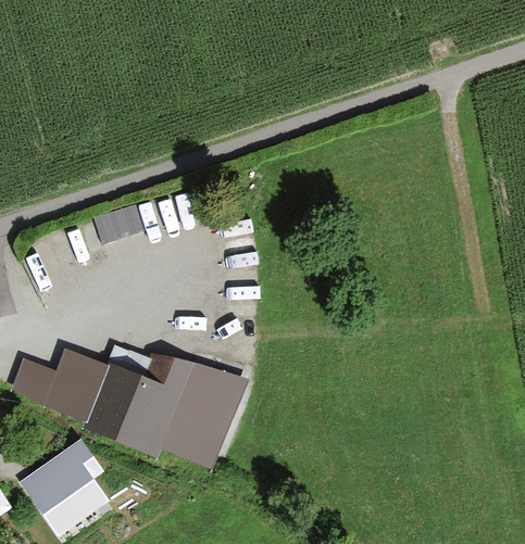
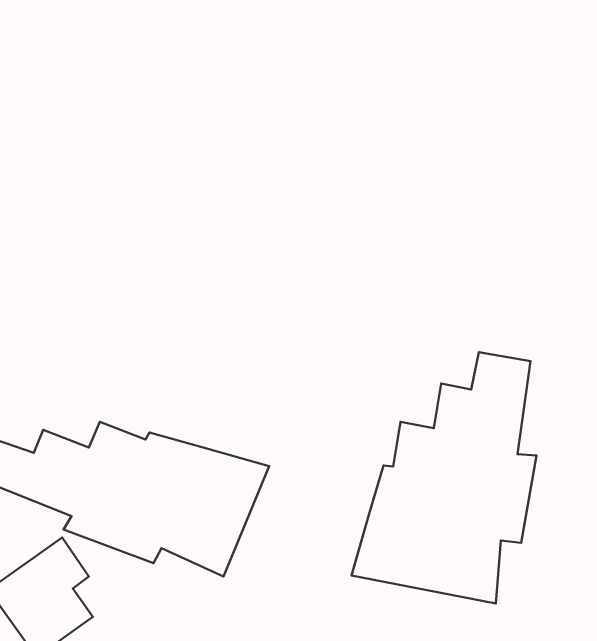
building: none -> [352,352,536,604]

